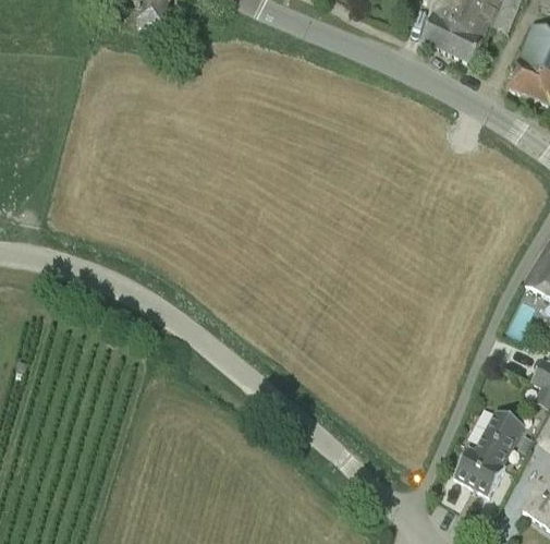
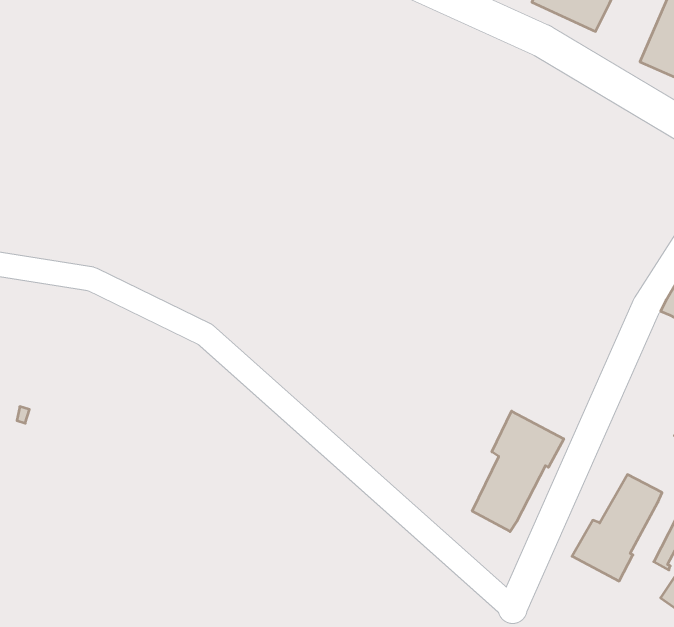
building: none -> [472,411,564,532]

